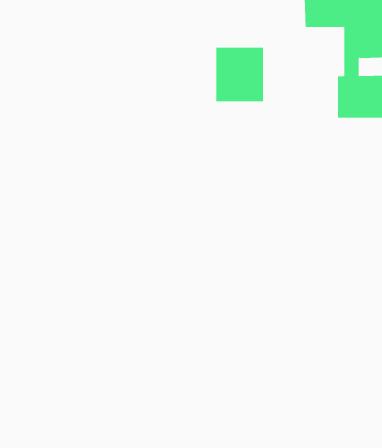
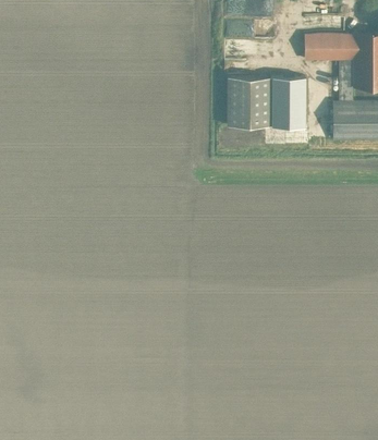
building: none -> [271,77,305,127]

